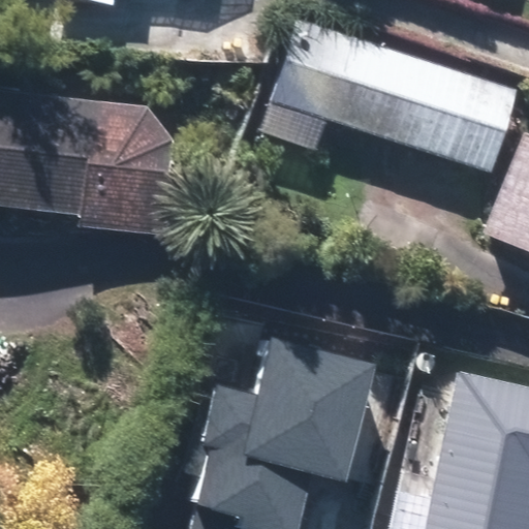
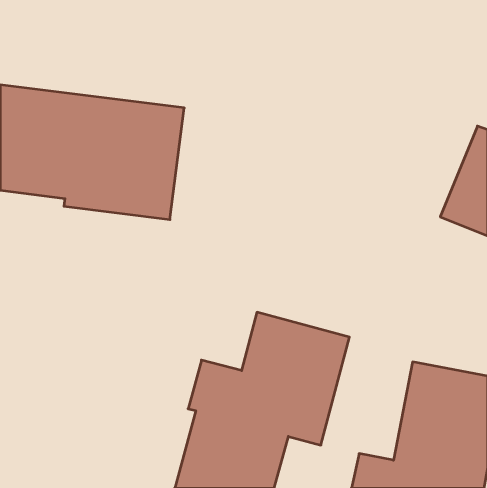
building: [258,21,510,167] -> none

